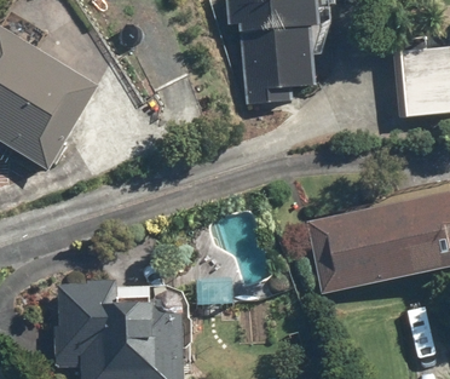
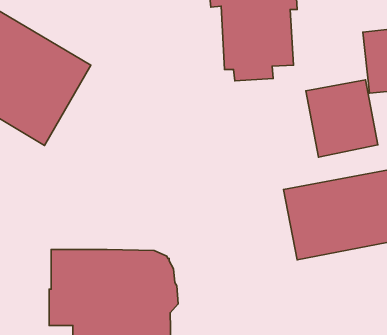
building: none -> [306,80,378,157]

